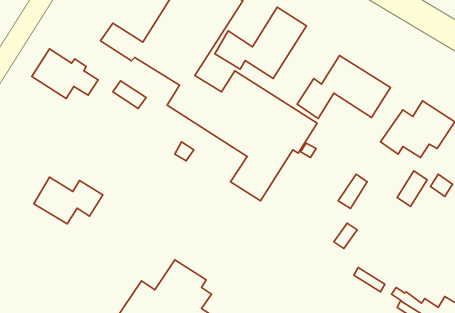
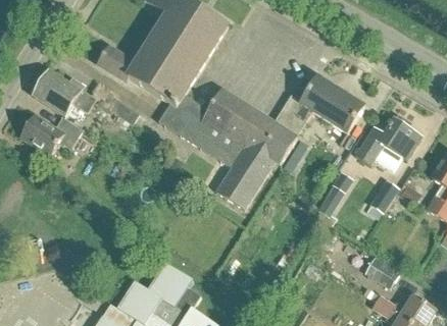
building: [215,7,306,79] -> none
building: [34,177,103,224] -> [20,112,84,155]
building: none -> [363,256,399,288]

